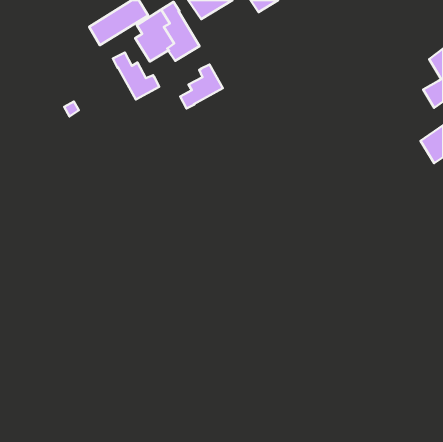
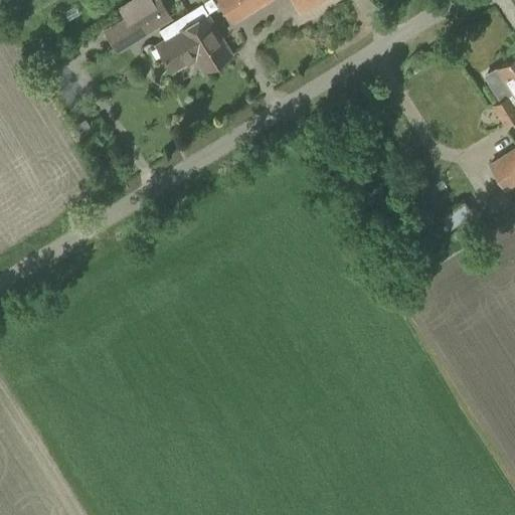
building: [113,52,159,100] -> none
building: [180,64,223,109] -> none

